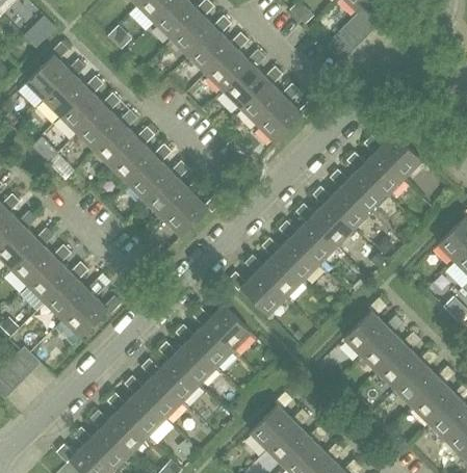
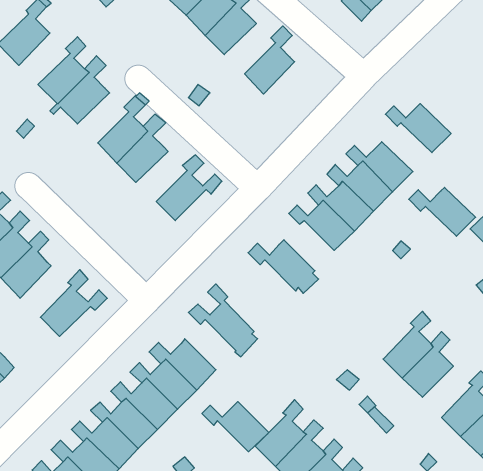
building: [223,51,267,109] -> none
building: [44,60,88,119] -> none
building: [257,85,315,148] -> none
building: [95,111,139,169] -> none
building: [345,152,404,194] -> [409,187,476,236]
building: [146,162,190,220] -> none
building: [261,237,322,286] -> none
building: [45,263,89,321] -> none
building: [227,271,287,320] -> none
building: [343,299,388,358] -> none
building: [175,323,233,367] -> [202,402,269,452]
building: [395,350,439,409] -> none

